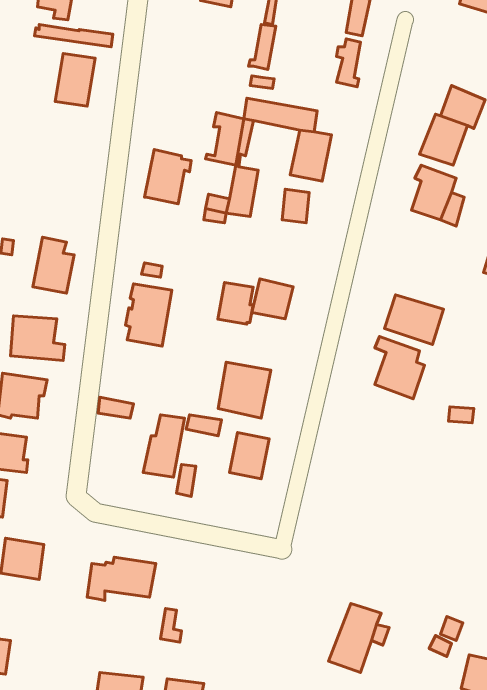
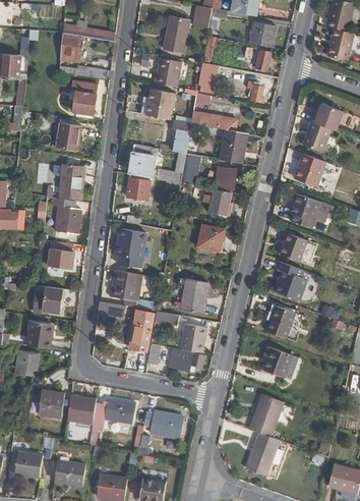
building: none -> [154,55,179,87]
building: none -> [145,90,175,119]
building: none -> [56,122,82,151]
building: none -> [59,164,84,199]
building: none -> [125,173,148,200]
building: none -> [287,196,317,228]
building: [218,282,253,324] -> [207,188,230,215]
building: none -> [109,270,140,301]
building: none -> [263,304,294,339]
building: none -> [261,347,291,379]
building: none -> [167,348,203,372]
building: none -> [248,394,282,435]
building: none -> [66,398,95,428]
building: none -> [148,410,182,437]
building: none -> [54,452,85,482]

